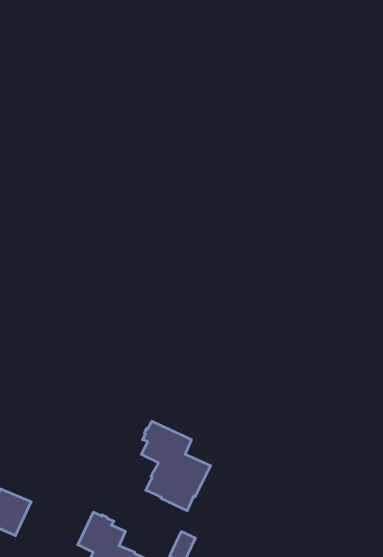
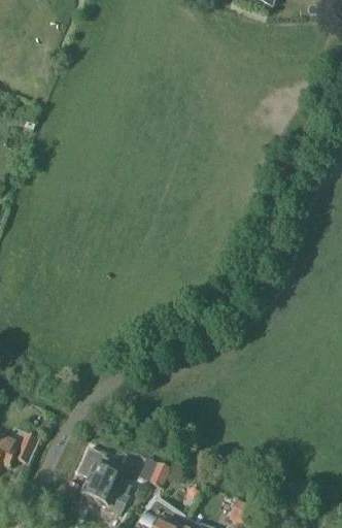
building: [141,421,211,511] -> none

